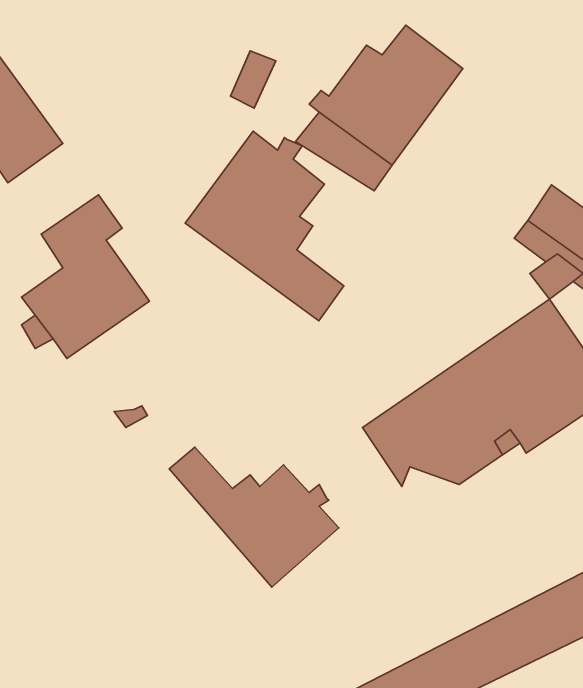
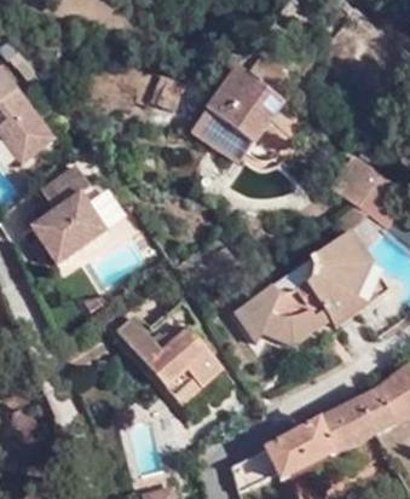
building: [185,131,344,321] -> none

